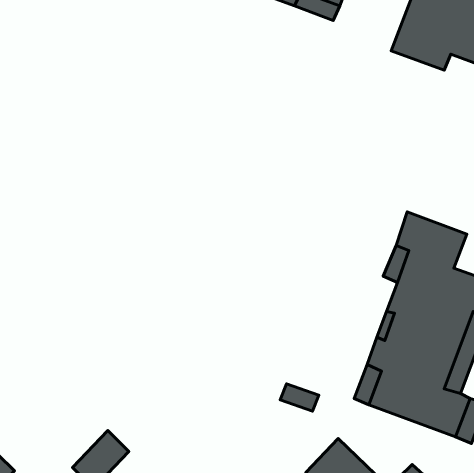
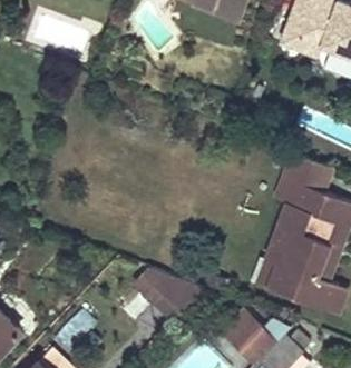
building: none -> [131,267,202,320]

